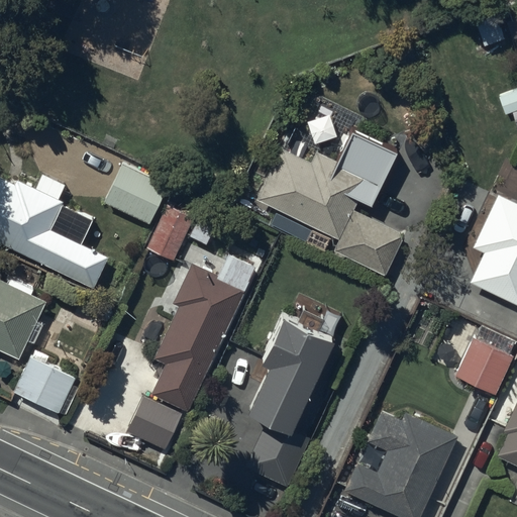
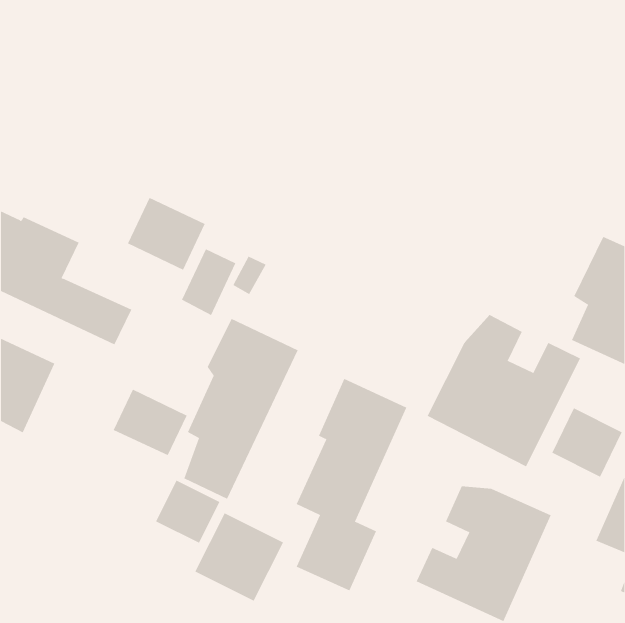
building: [258,130,406,278] -> none
building: none -> [427,314,581,467]
building: [15,358,77,414] -> [113,389,188,456]
building: none -> [195,512,284,602]

